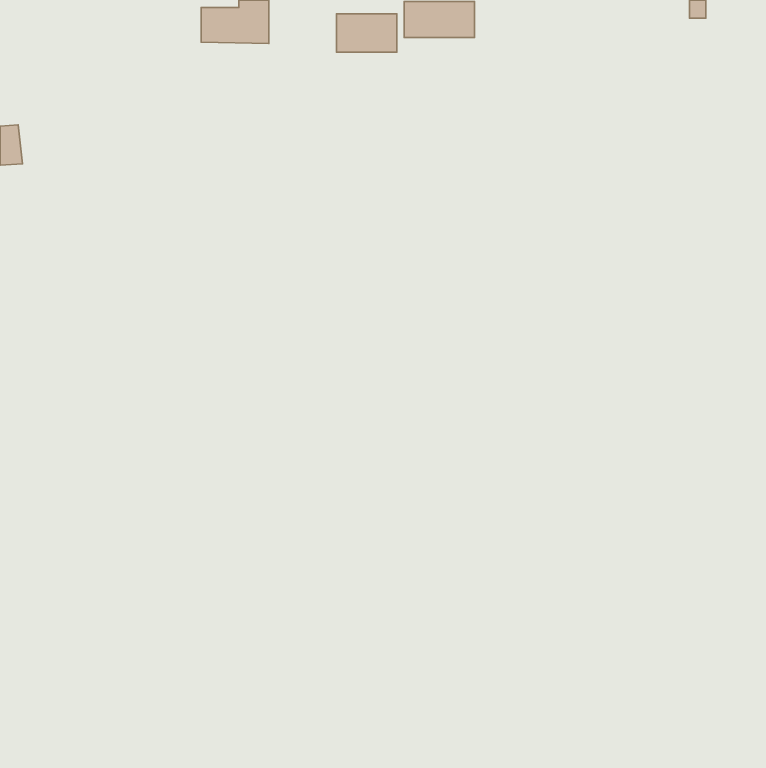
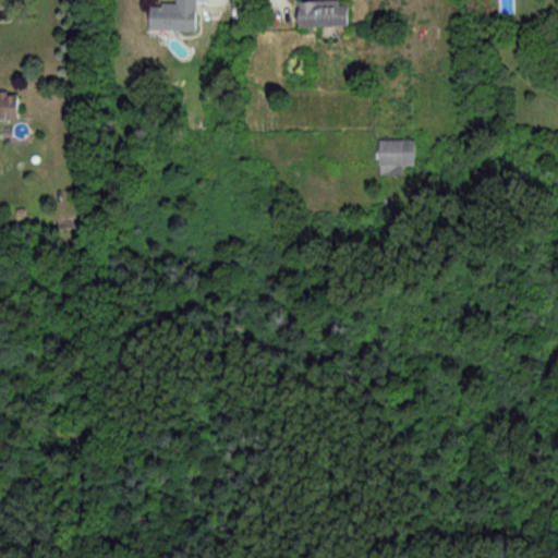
building: [336,14,397,52] -> none
building: none -> [377,140,414,175]

